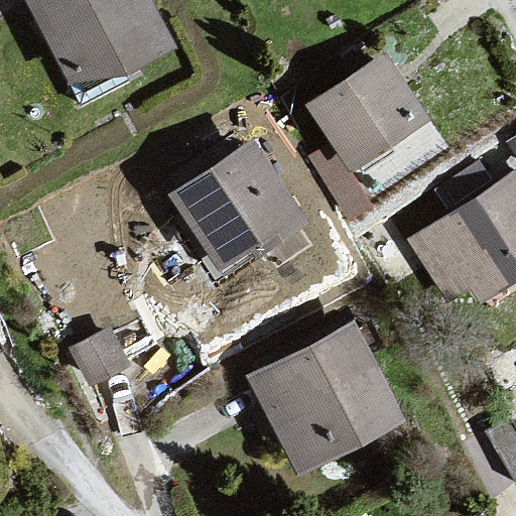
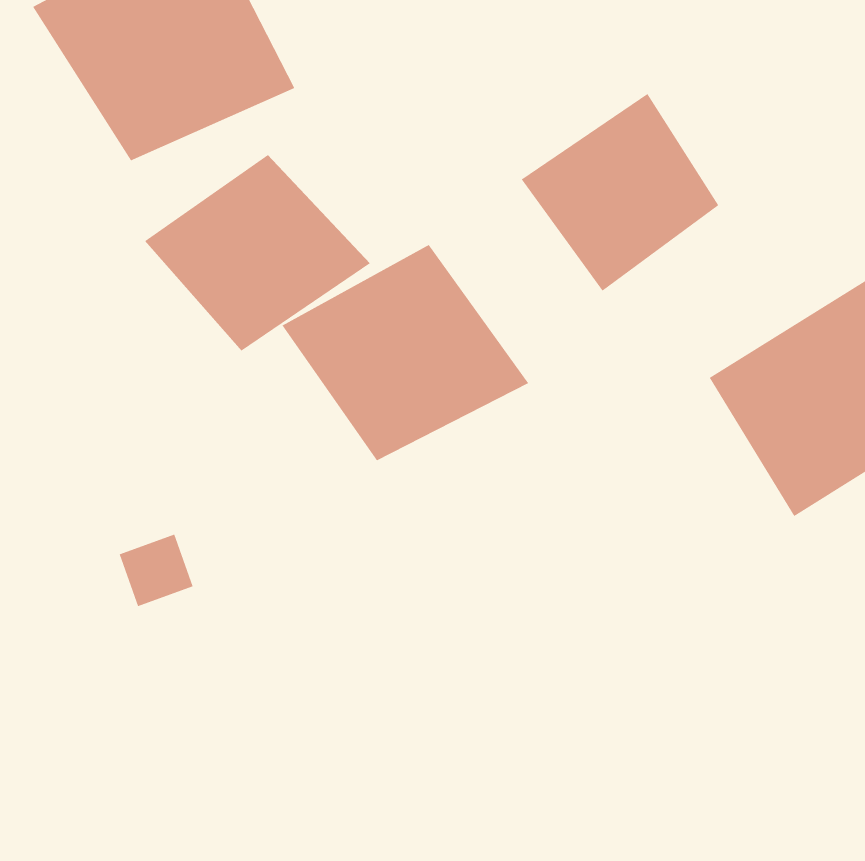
building: none -> [144,154,371,351]
building: [244,319,405,476] -> none

